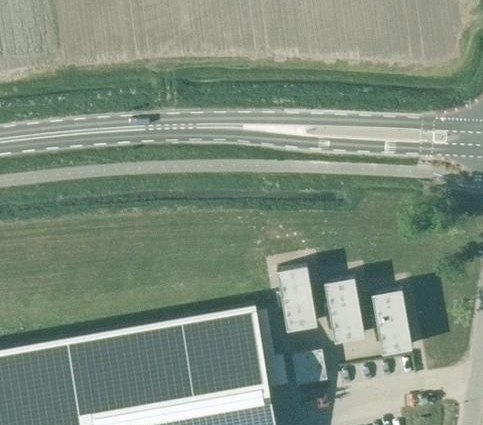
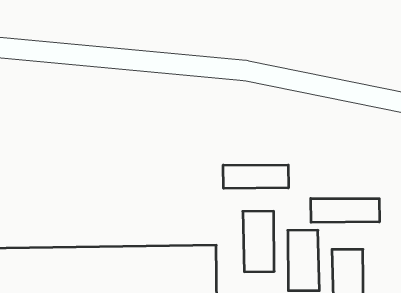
building: none -> [223,165,288,188]
building: none -> [311,198,379,222]

